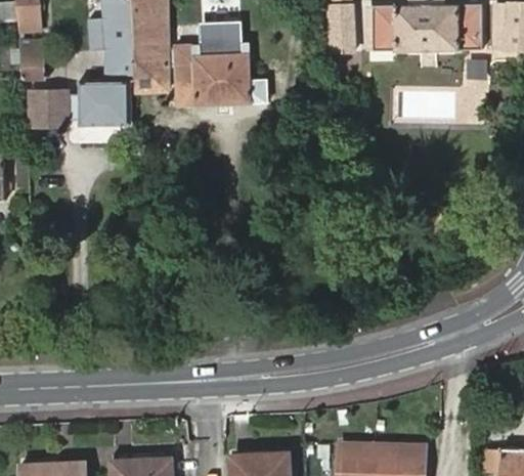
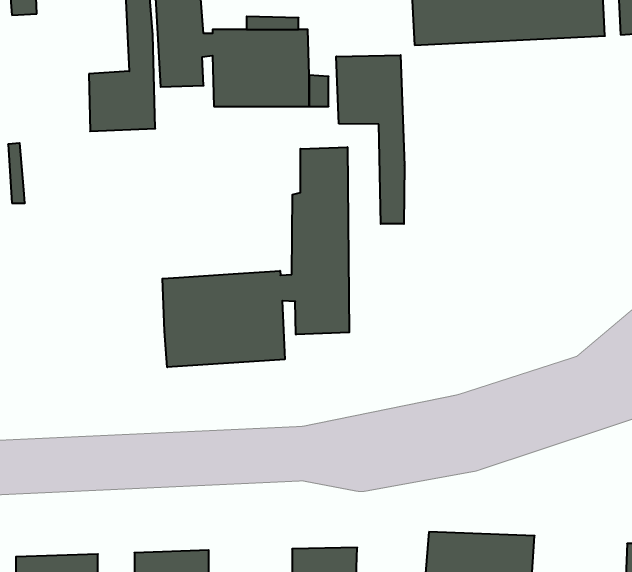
building: [17,52,68,126] -> none
building: none -> [336,55,404,224]
building: none -> [162,147,349,367]

